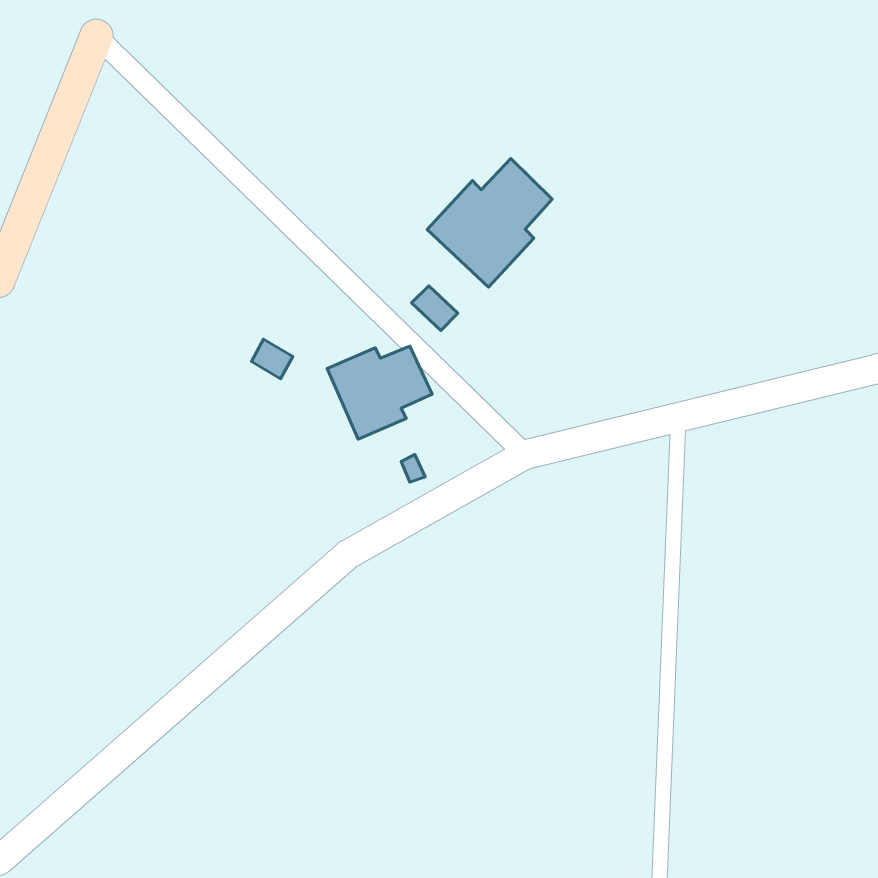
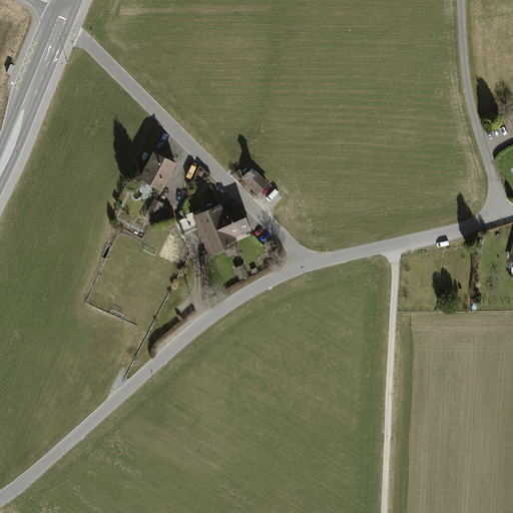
building: [427,158,552,287] -> none
building: none -> [137,150,175,191]

